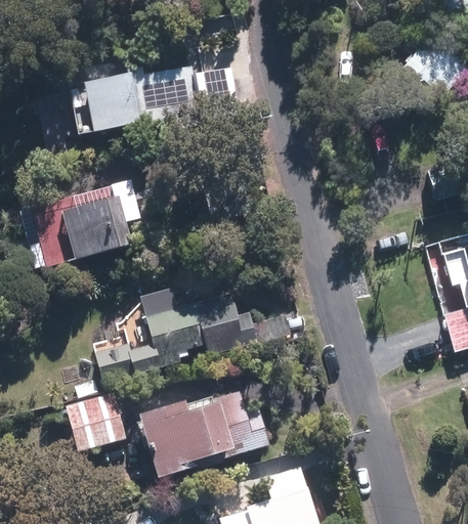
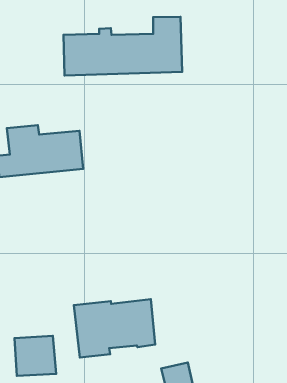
building: [101,288,255,379] -> none
building: [69,391,126,446] -> [15,336,56,376]

